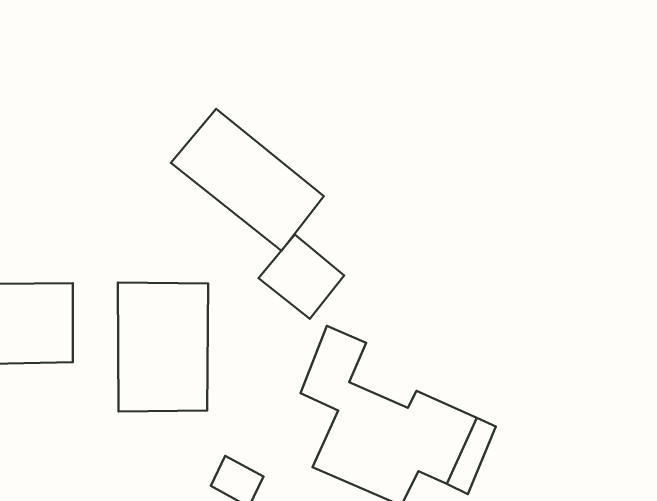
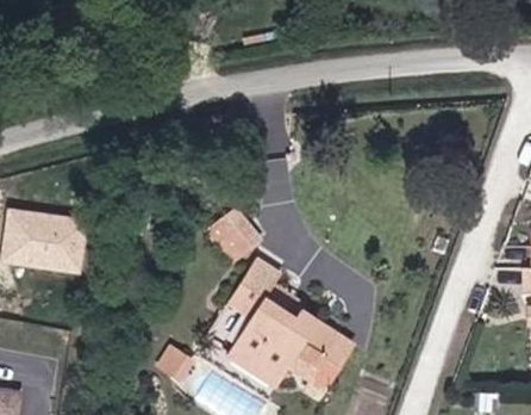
building: [171,109,324,251] -> none
building: [118,282,208,412] -> none

